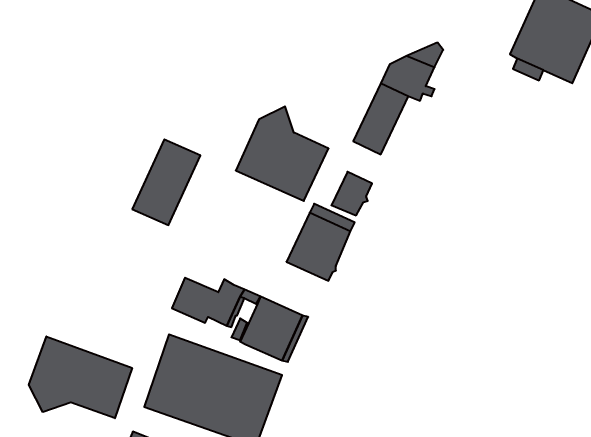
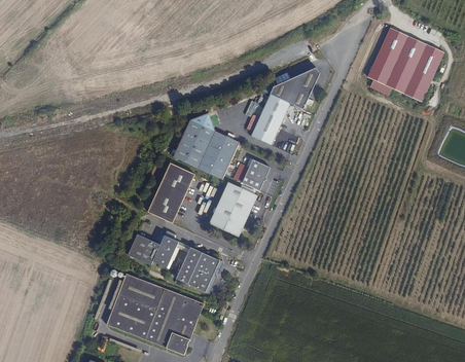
building: [132,139,200,225] -> [146,162,194,223]
building: [29,336,132,418] -> none

